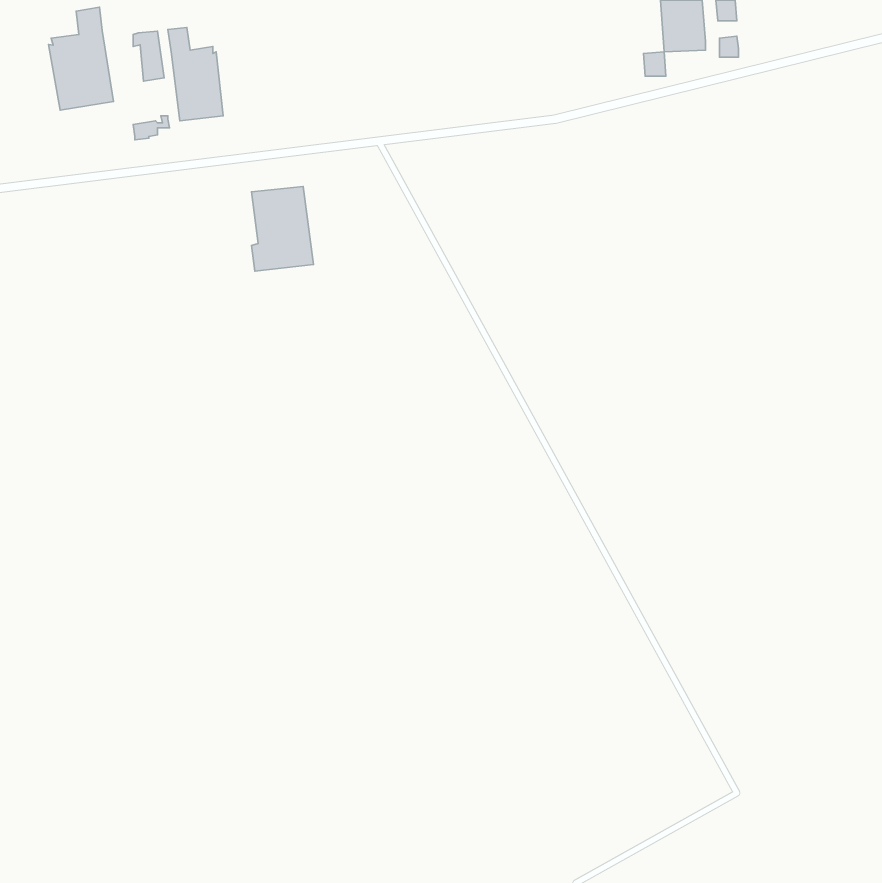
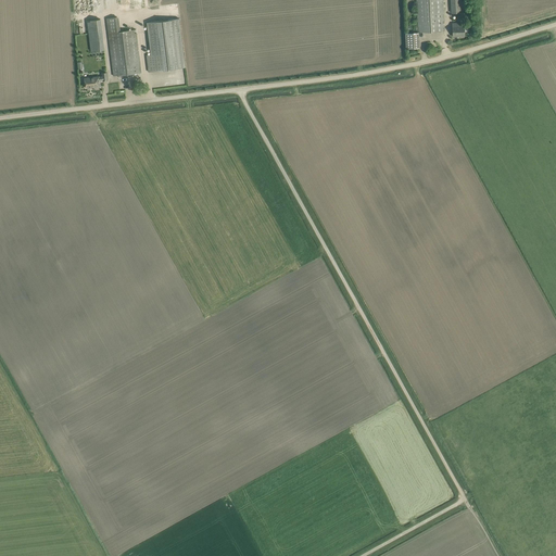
building: [49,7,113,110] -> none
building: [251,187,314,271] -> [146,18,185,72]

